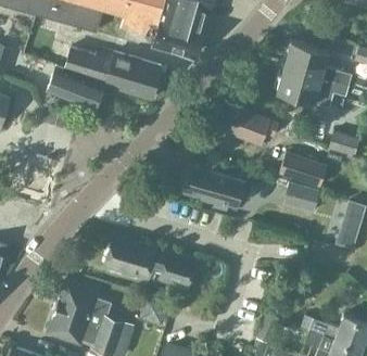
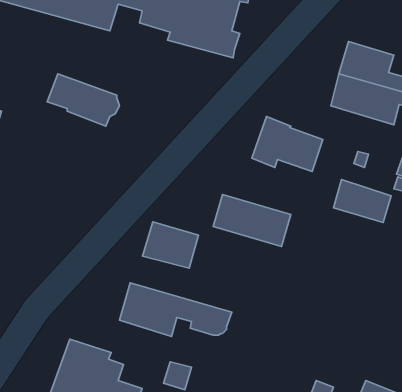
building: [64,48,162,100] -> none
building: [283,183,319,214] -> none
building: none -> [143,222,199,268]

